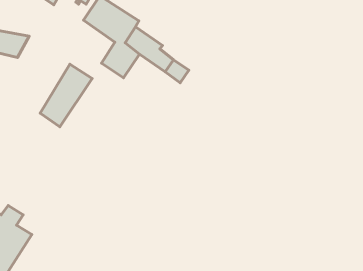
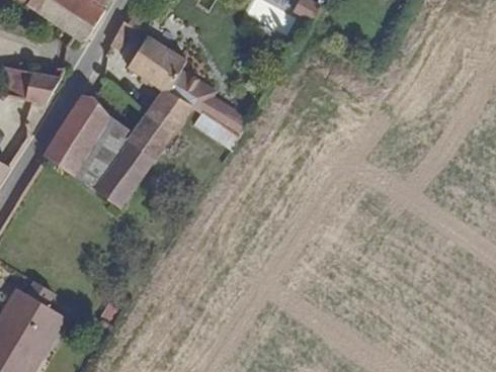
building: none -> [46,96,106,173]
building: none -> [94,113,170,207]

